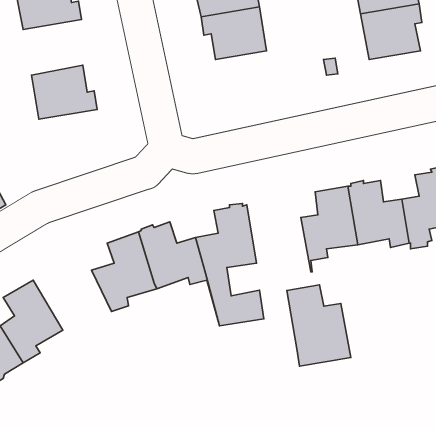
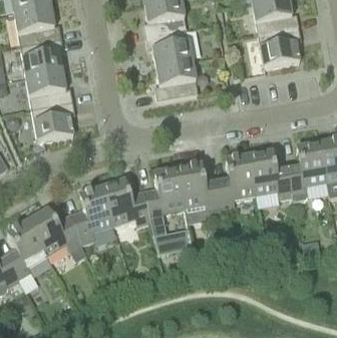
building: none -> [21,39,64,78]
building: none -> [155,61,199,101]
building: none -> [32,102,76,141]
building: none -> [28,211,83,258]
building: [287,285,351,366] -> [179,165,224,223]

